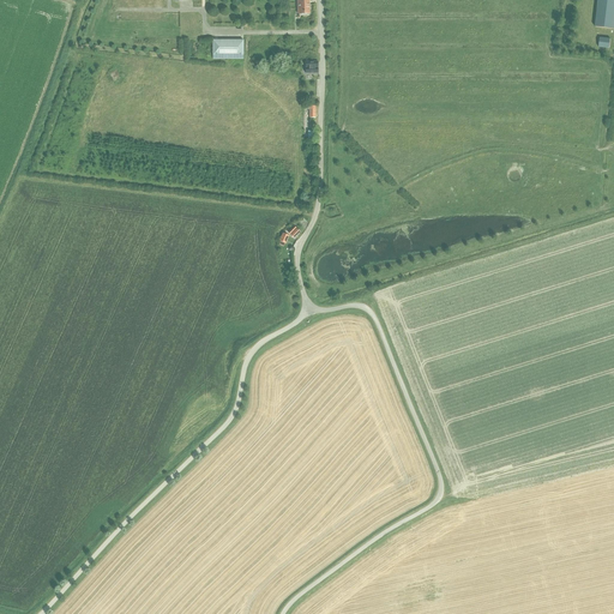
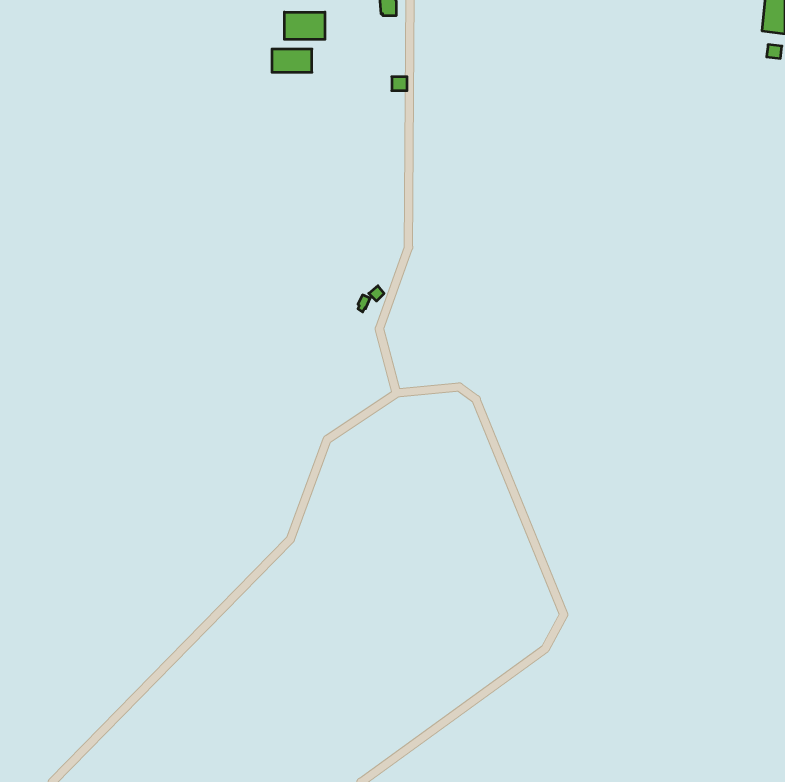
building: none -> [284,12,325,39]

